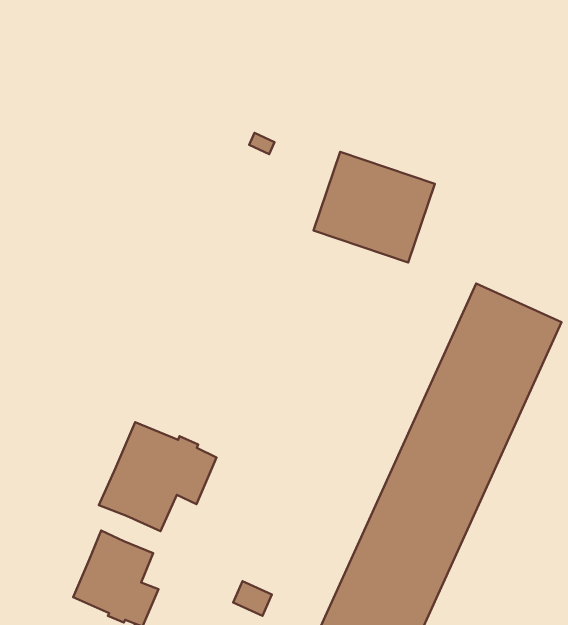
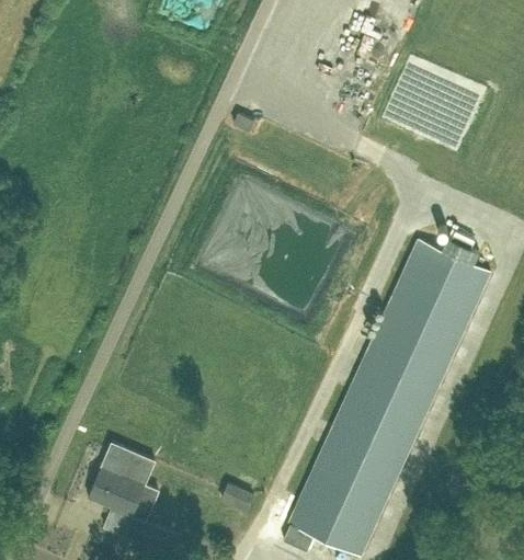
building: [313,152,435,263] -> [386,57,486,148]
building: [99,422,217,531] -> none

